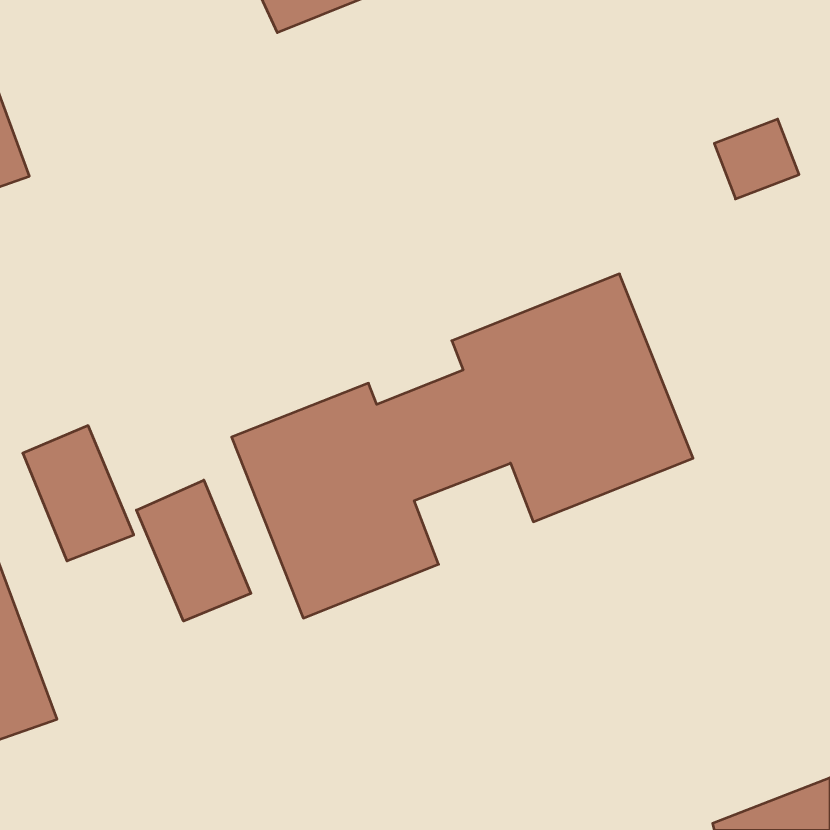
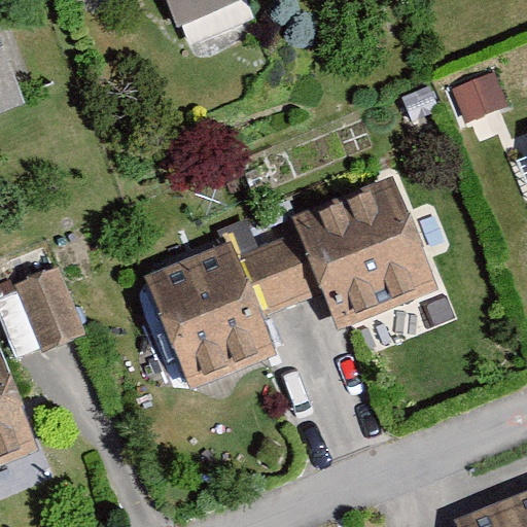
building: [136,480,251,621] -> none

